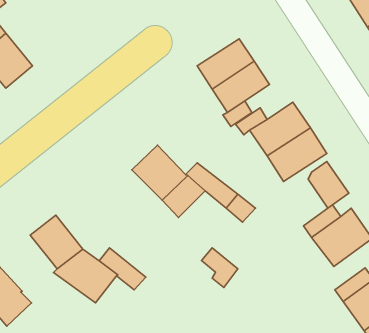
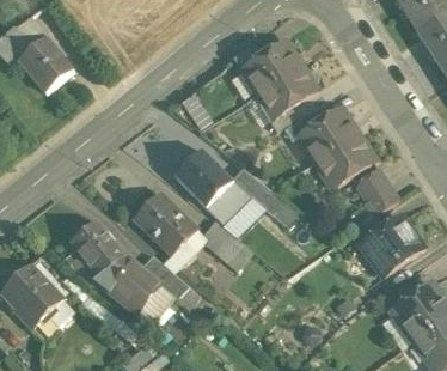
building: none -> [134,193,197,255]
building: [202,248,238,287] -> [204,221,241,262]

